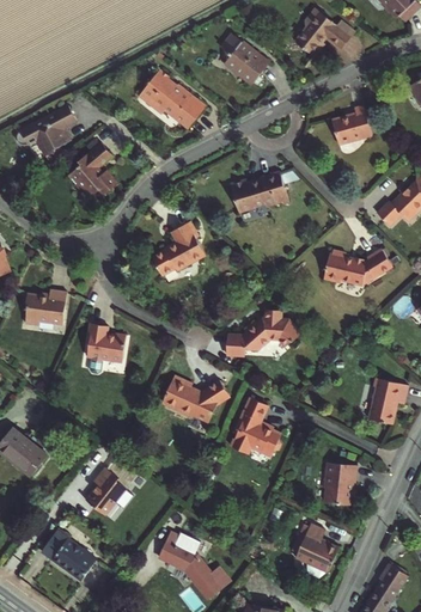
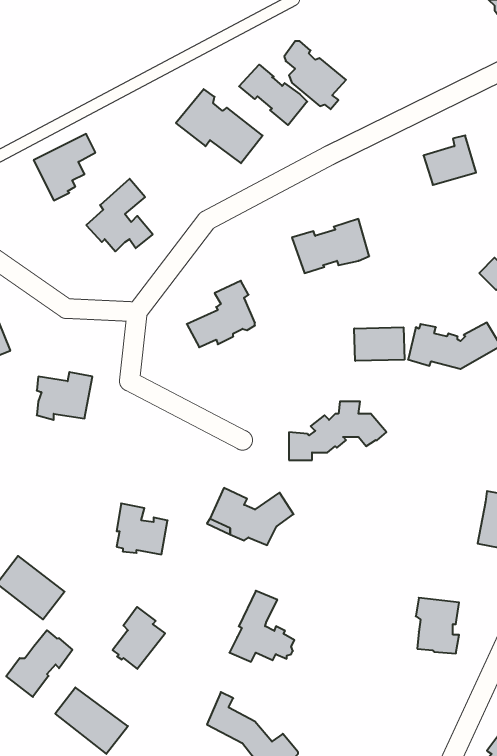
building: [295,8,353,55] -> none
building: none -> [239,65,307,125]
building: none -> [354,327,404,361]
building: [87,323,127,362] -> [117,503,168,554]
building: [231,399,281,454] -> [229,591,294,662]
building: none -> [6,630,72,697]
building: [294,525,337,579] -> none

